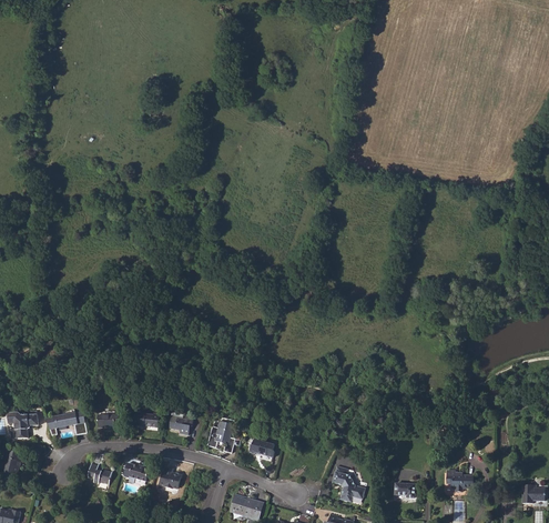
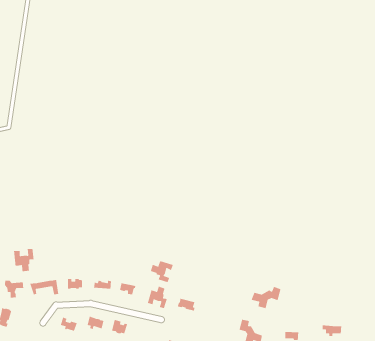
building: none -> [13,248,34,272]
building: none -> [150,260,174,283]
building: none -> [251,286,282,309]

